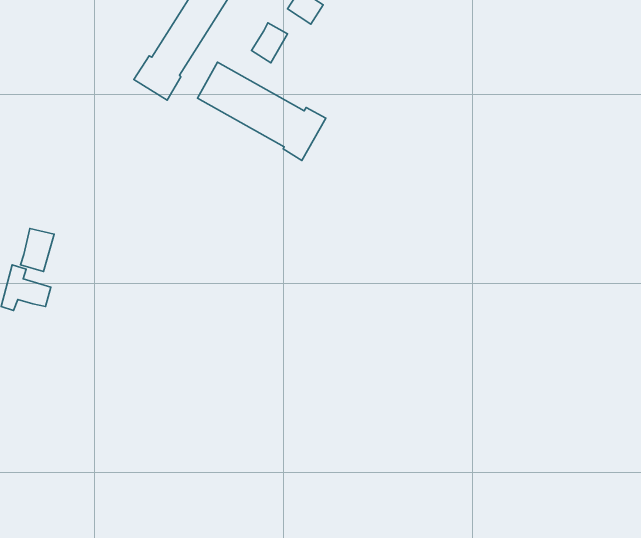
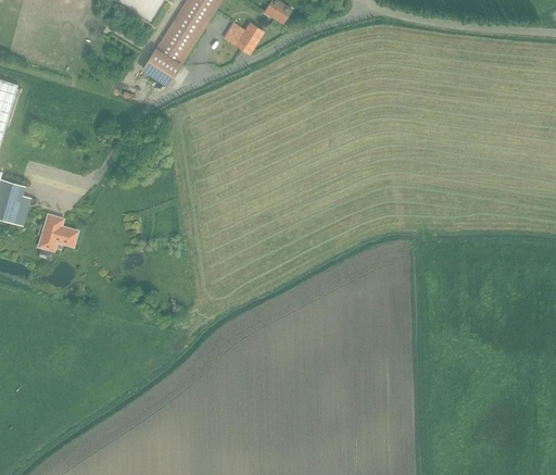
building: [198,62,326,161] -> none
building: [20,229,54,271] -> none

